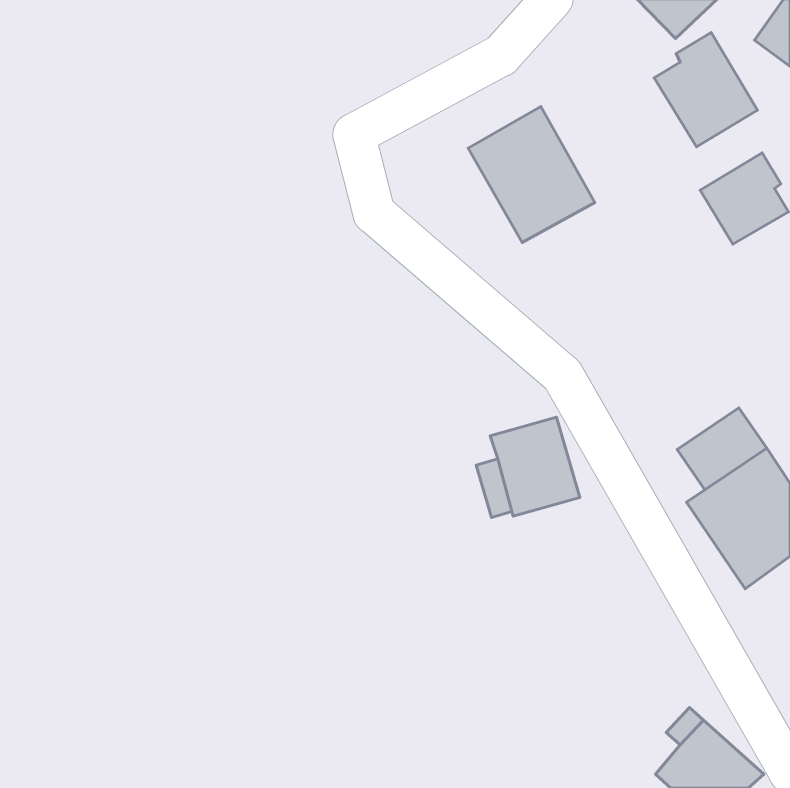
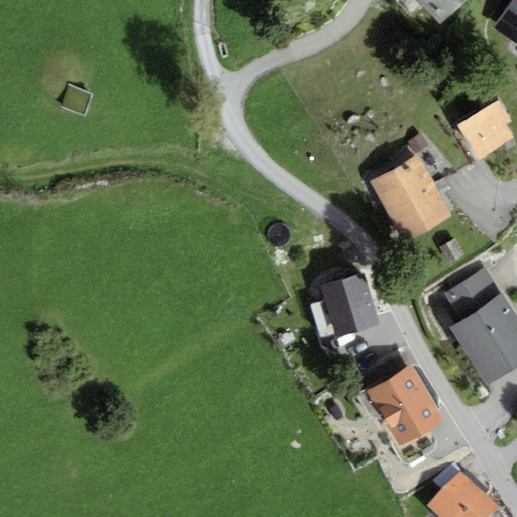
building: [654,33,758,147] -> none
building: [468,107,595,243] -> [370,153,452,242]
building: none -> [368,366,443,445]

